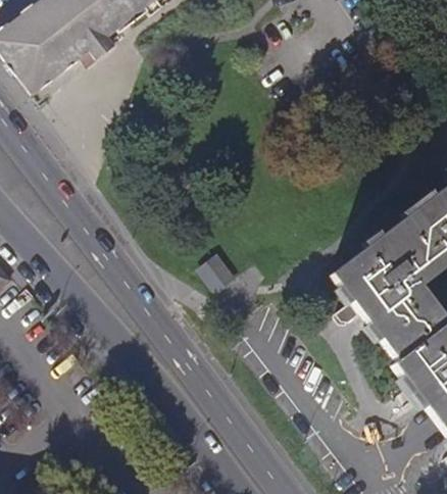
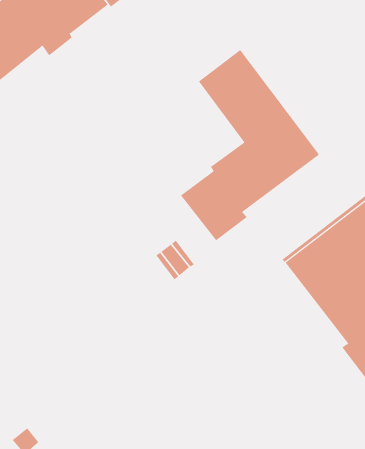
building: none -> [180,49,320,241]

